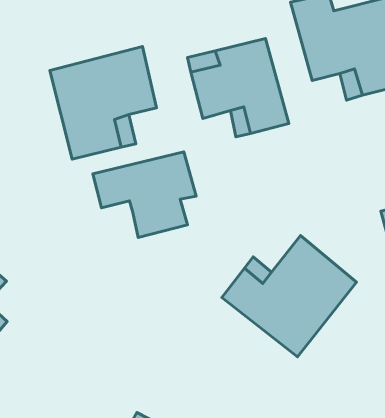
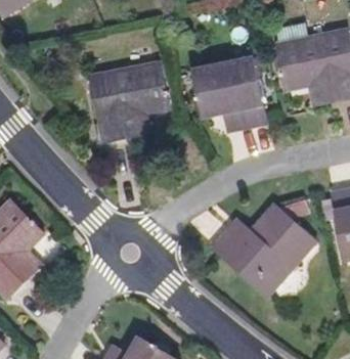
building: [93,152,196,238] -> none

